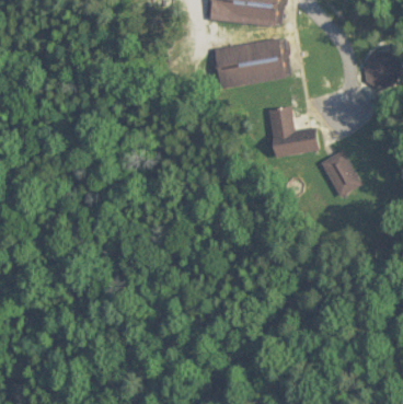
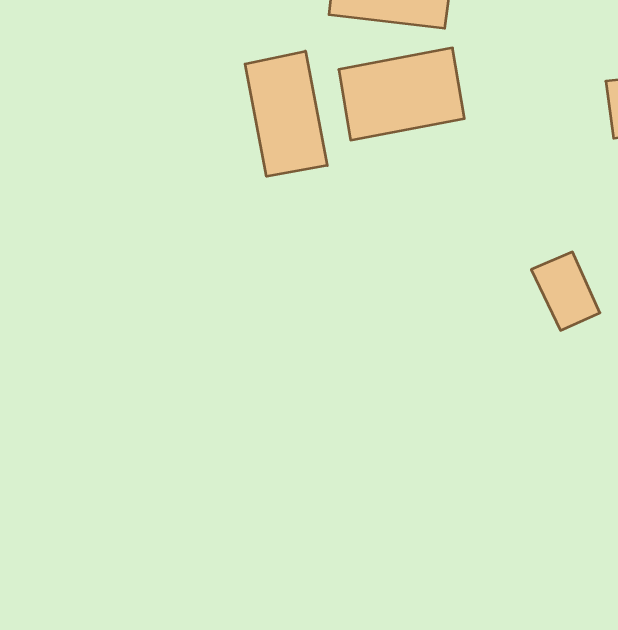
building: none -> [245,51,327,176]
building: [268,104,319,158] -> none

